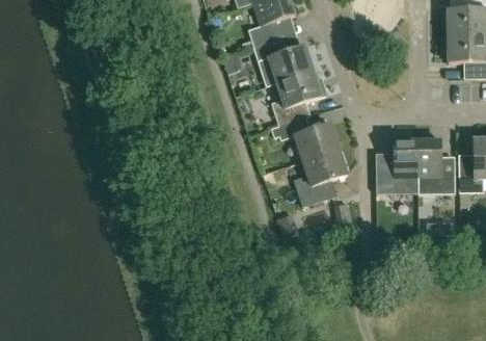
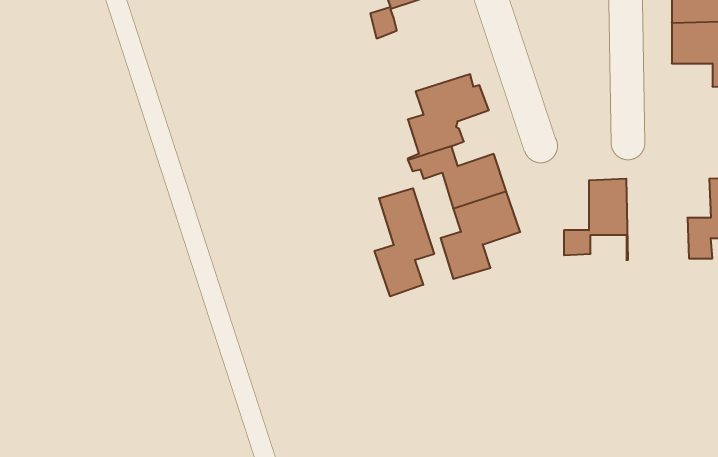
building: [254,36,314,84] -> none
building: [417,139,455,193] -> none
building: none -> [375,188,434,296]

